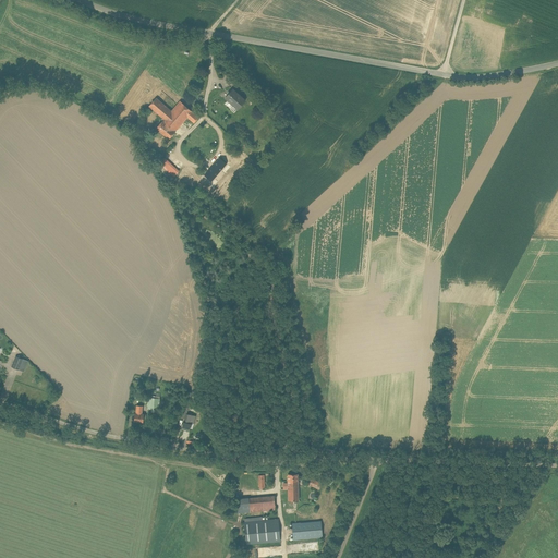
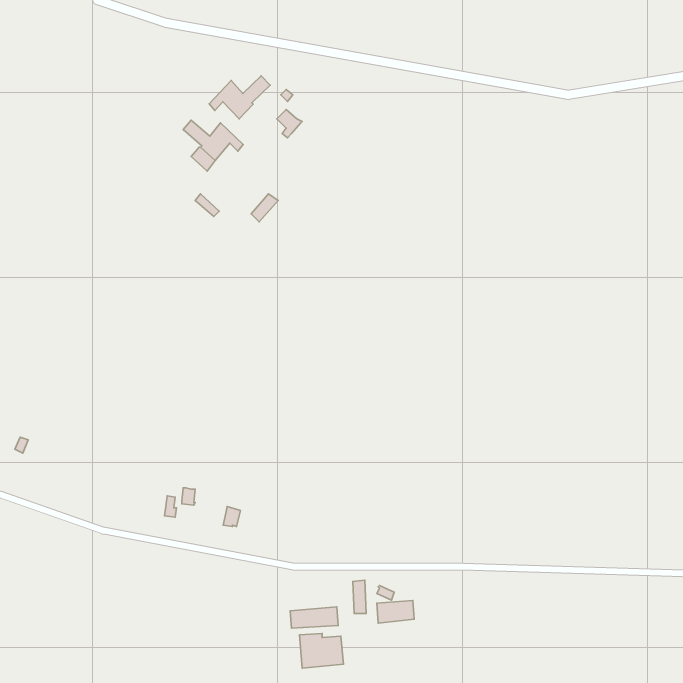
building: none -> [209,76,270,119]
building: [292,521,323,539] -> [377,600,414,623]

